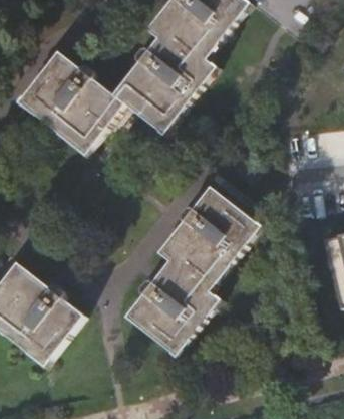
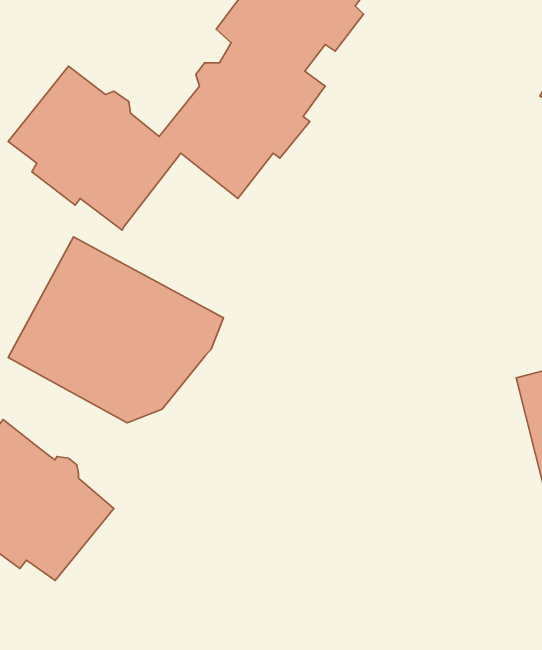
building: none -> [8,237,223,423]
building: [128,187,256,352] -> none

